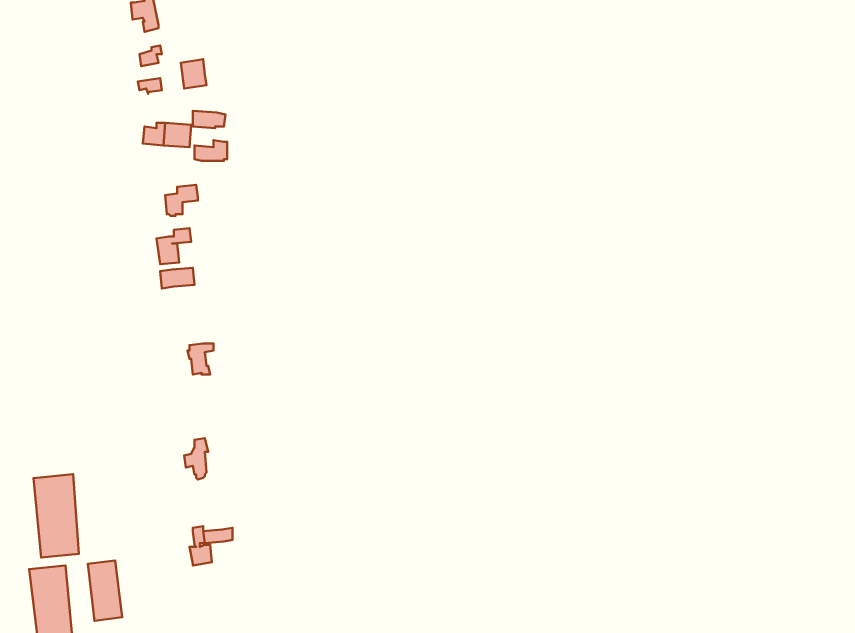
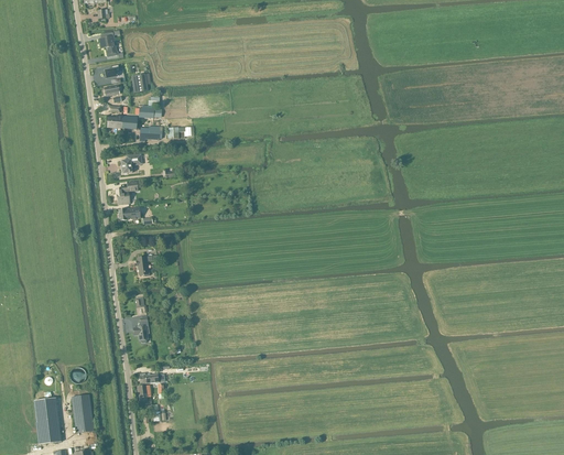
building: [33,474,79,558] -> none

